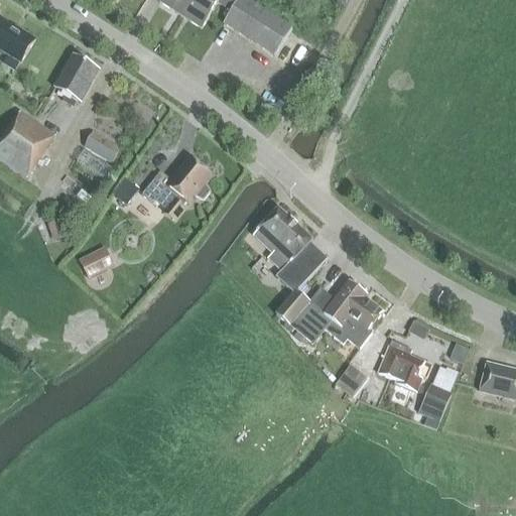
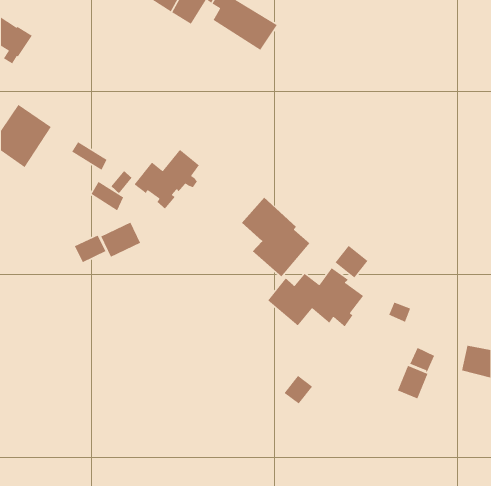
building: [53,53,98,105] -> none
building: [84,130,119,162] -> [90,181,124,212]
building: none -> [100,222,141,258]
building: none -> [334,245,368,279]
building: [376,340,424,391] -> none
building: [334,363,365,394] -> [283,375,313,405]

